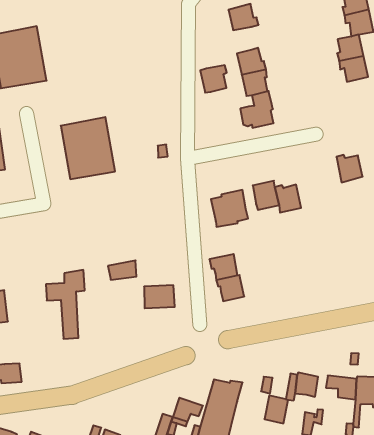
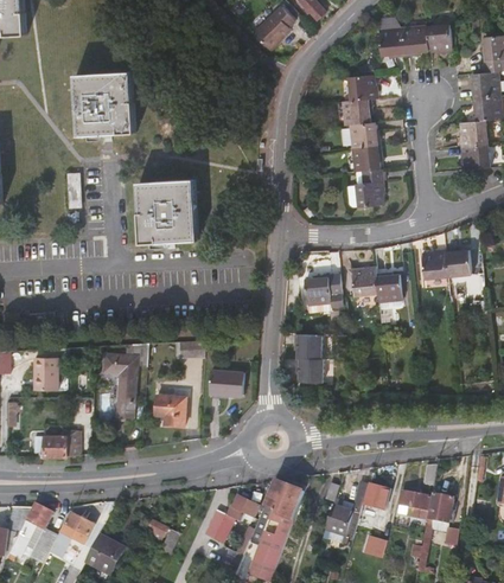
building: [200,65,227,93] -> [337,100,365,127]
building: none -> [416,252,442,282]
building: none -> [158,393,187,425]

